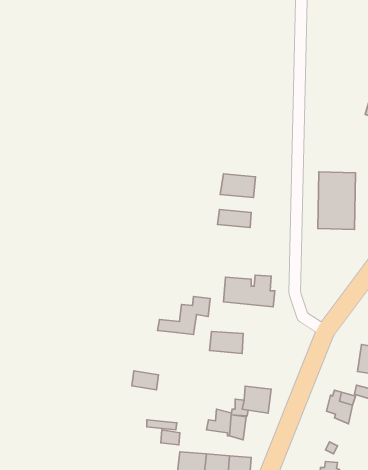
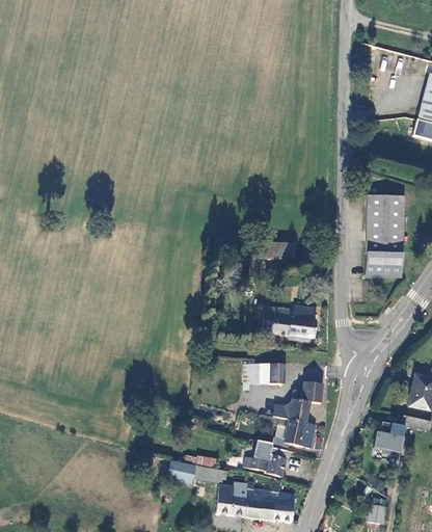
building: [220,174,255,198] -> none
building: none -> [365,254,403,274]
building: [158,297,210,334] -> [269,381,324,421]
building: [132,371,159,390] -> [168,462,196,482]

